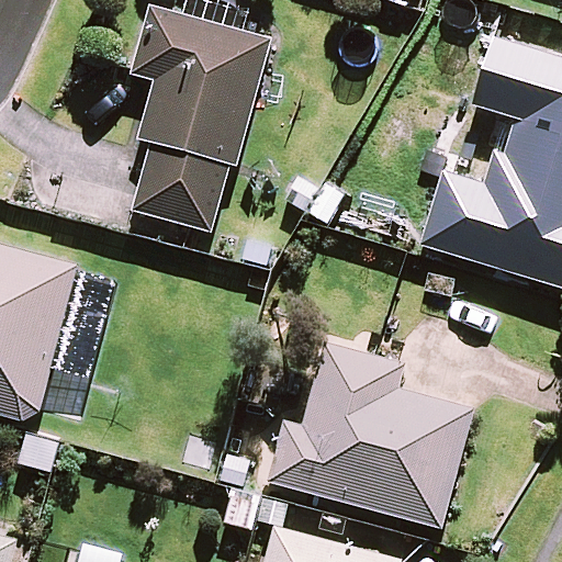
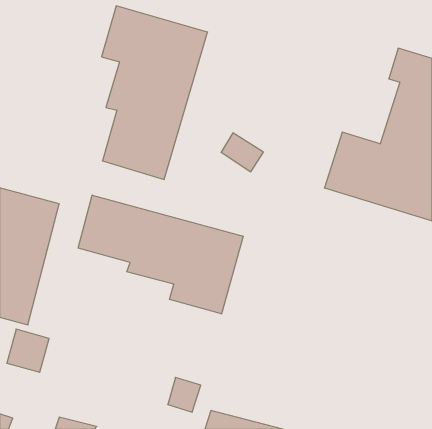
building: none -> [78,195,243,314]
building: [268,344,475,527] -> none

